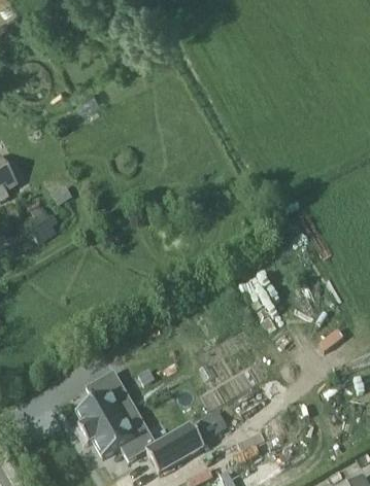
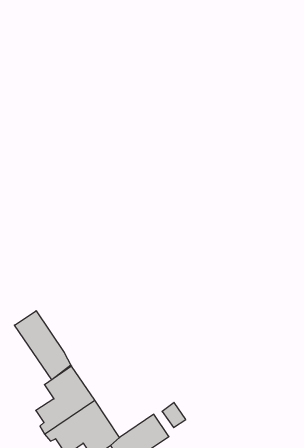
building: none -> [14,311,71,380]

